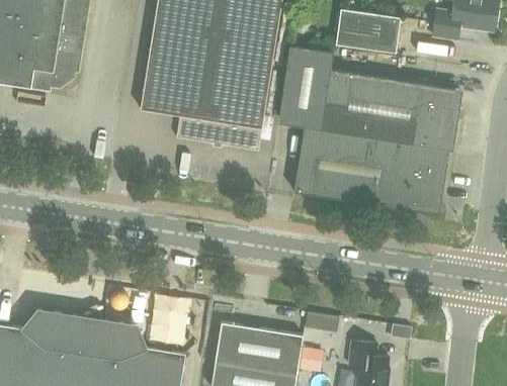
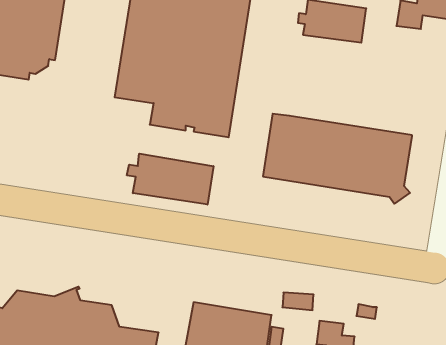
building: [279,45,459,151] -> none
building: none -> [127,154,213,205]

